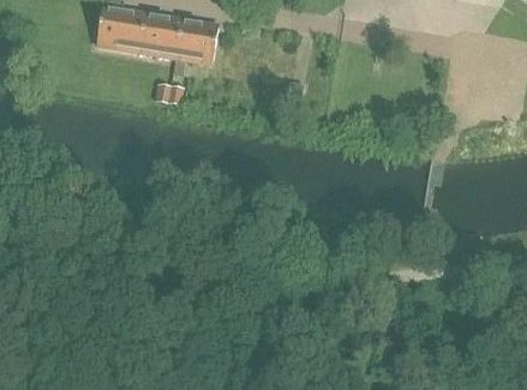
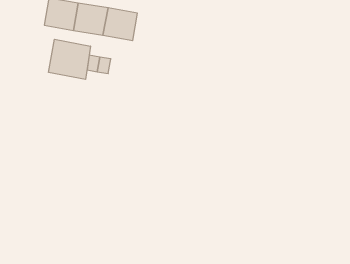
building: none -> [49,39,90,79]

